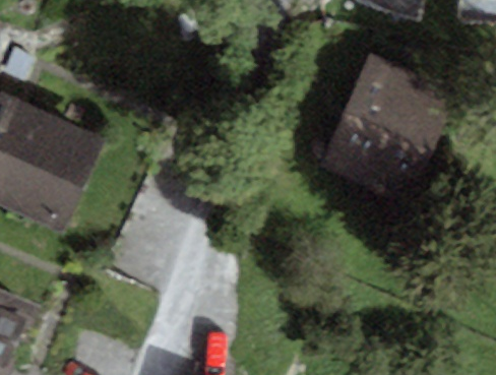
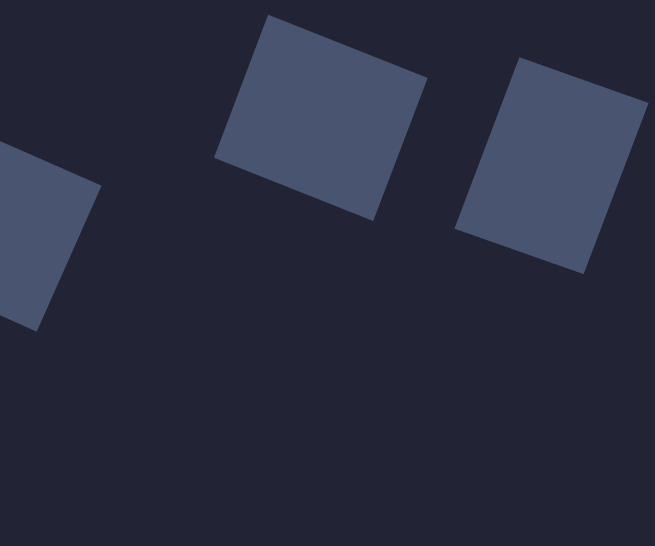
building: none -> [213,14,428,222]

